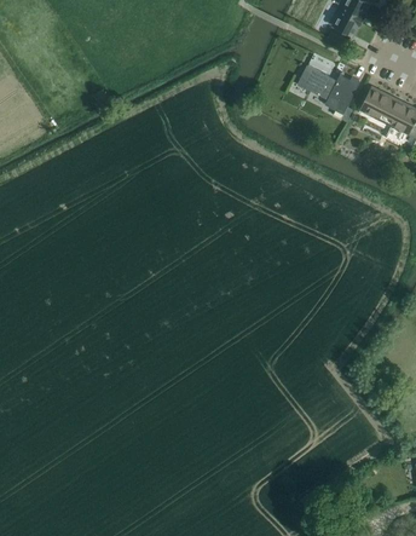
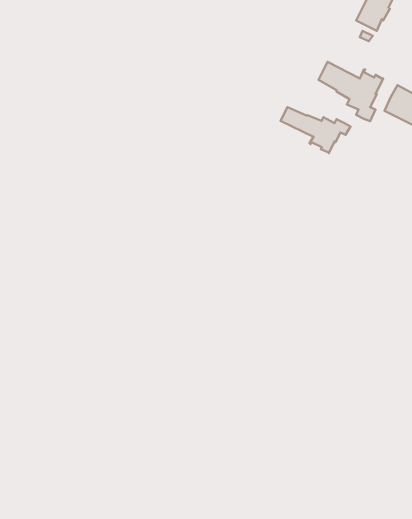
building: none -> [281,107,350,153]

